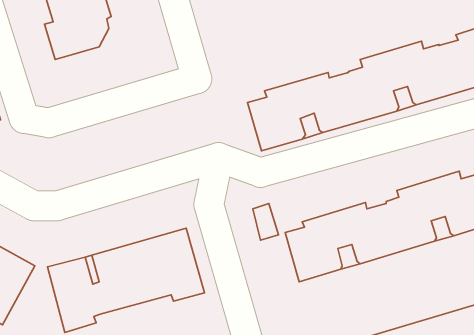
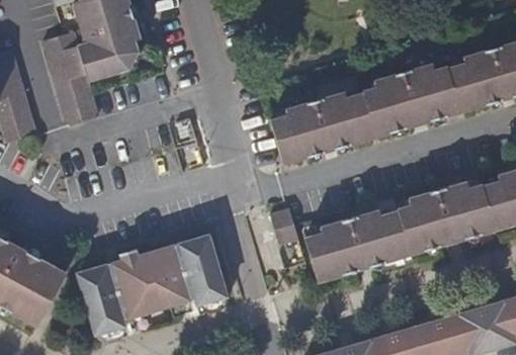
building: none -> [46,31,98,122]

